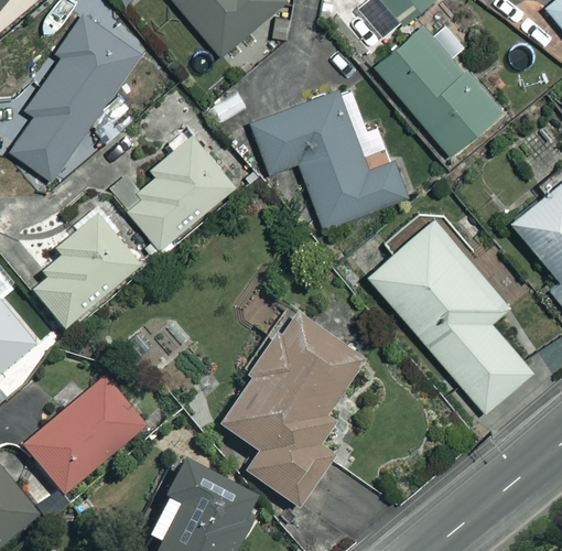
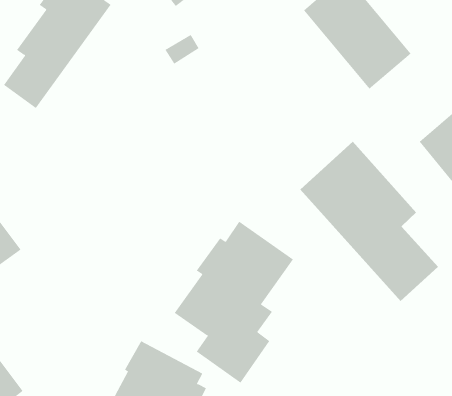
building: [250,89,410,230] -> none
building: [111,136,237,249] -> none
building: [32,196,139,329] -> none
building: [22,379,144,495] -> none

